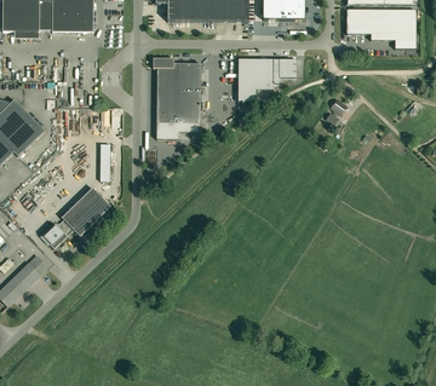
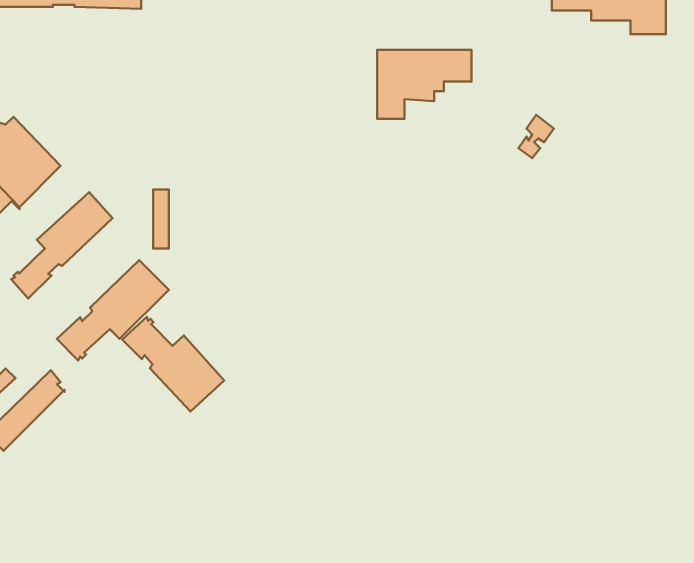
building: [151,58,200,122] -> none
building: none -> [11,192,113,298]
building: none -> [122,317,224,411]

